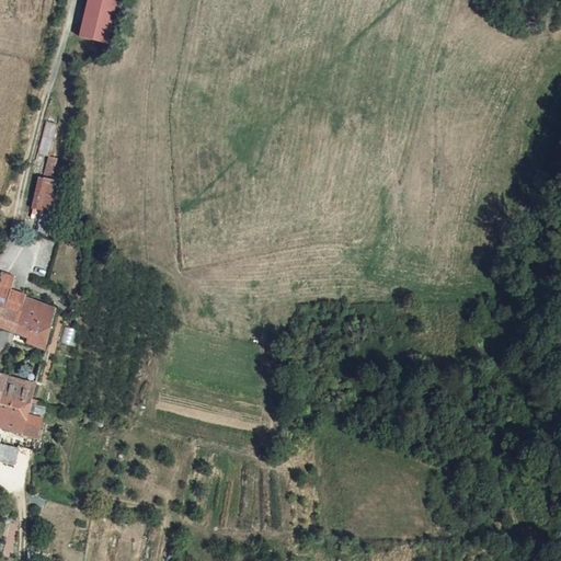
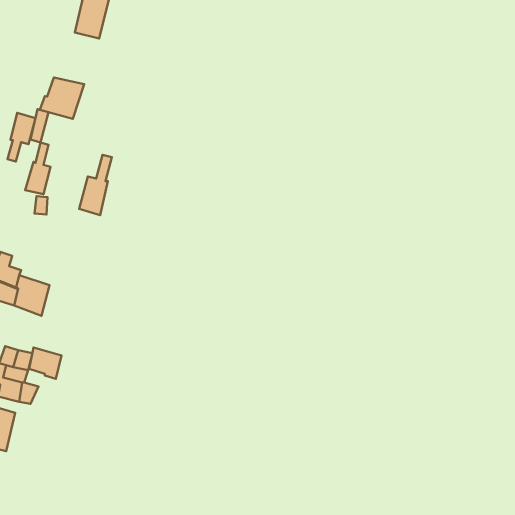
building: none -> [40,77,84,119]
building: none -> [8,113,35,161]
building: none -> [79,155,112,215]
building: none -> [29,347,61,379]

